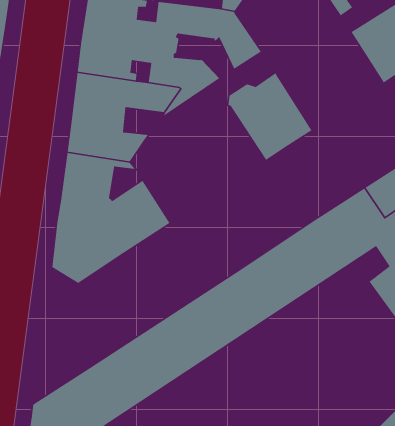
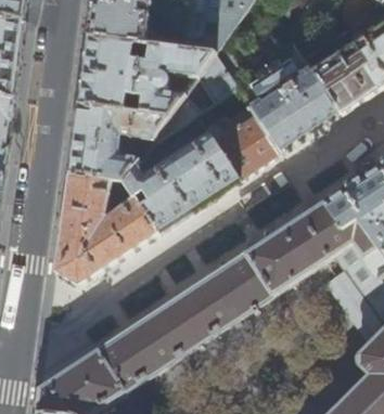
building: none -> [248,57,340,153]
building: none -> [123,132,239,232]

